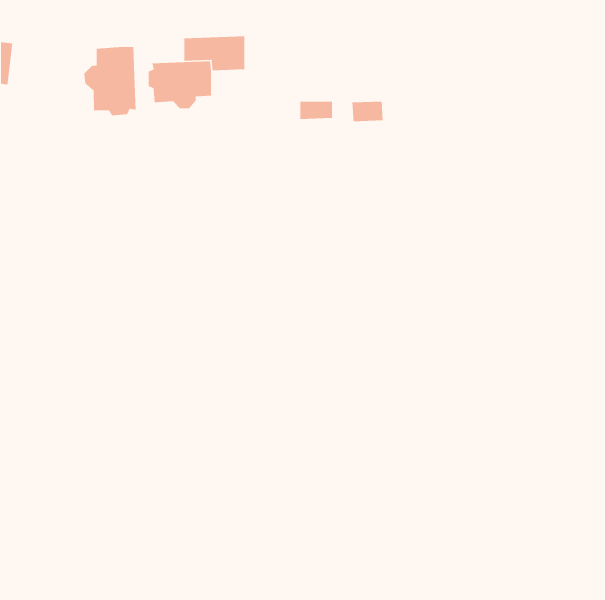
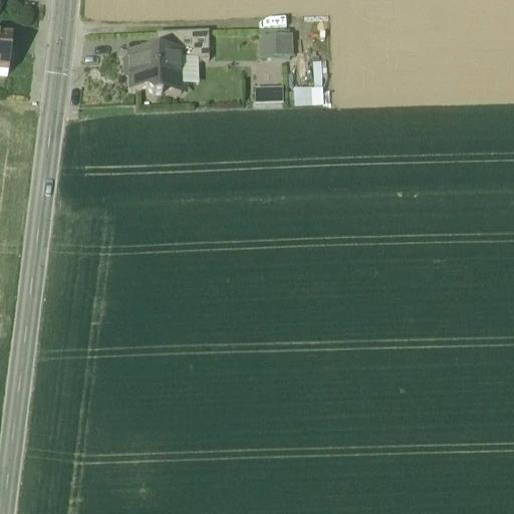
building: none -> [257,35,291,57]
building: [84,46,137,116] -> none

